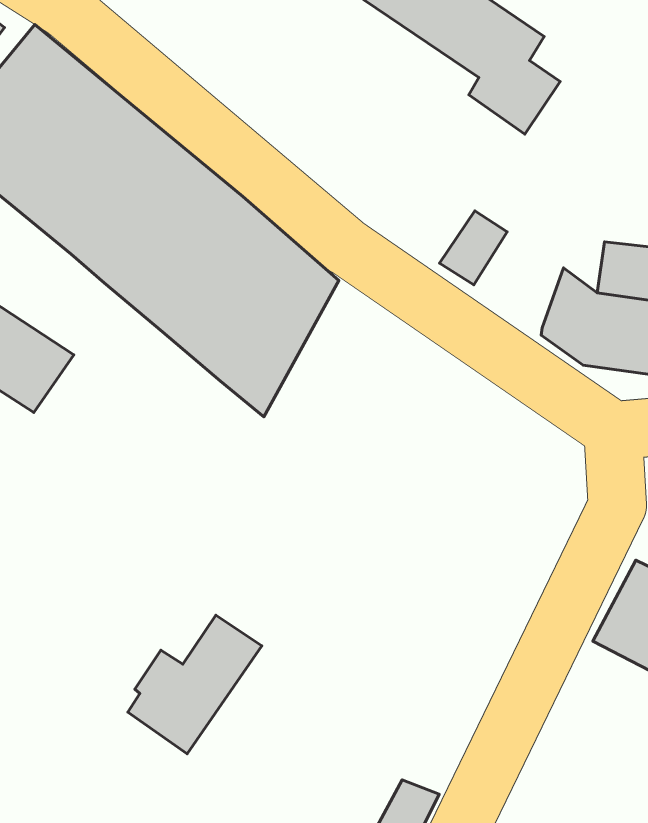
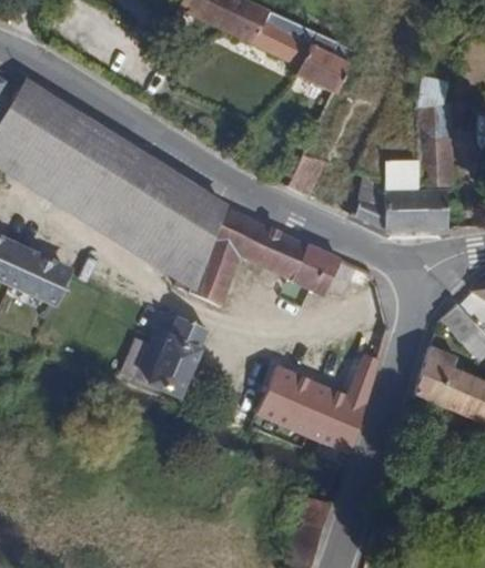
building: none -> [196,204,340,303]
building: none -> [255,352,380,454]
building: [128,615,262,754] -> [134,317,209,403]

